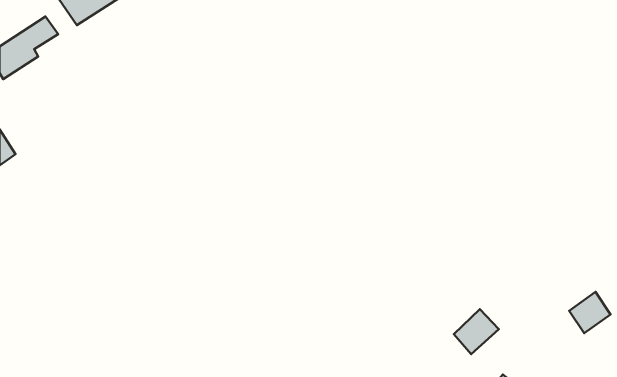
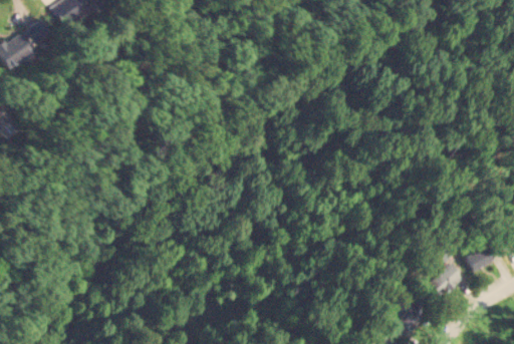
building: [454,309,499,354] -> [427,263,463,299]

